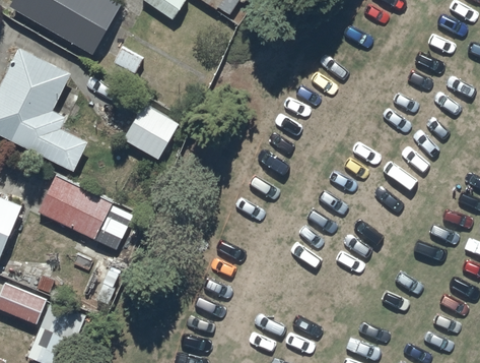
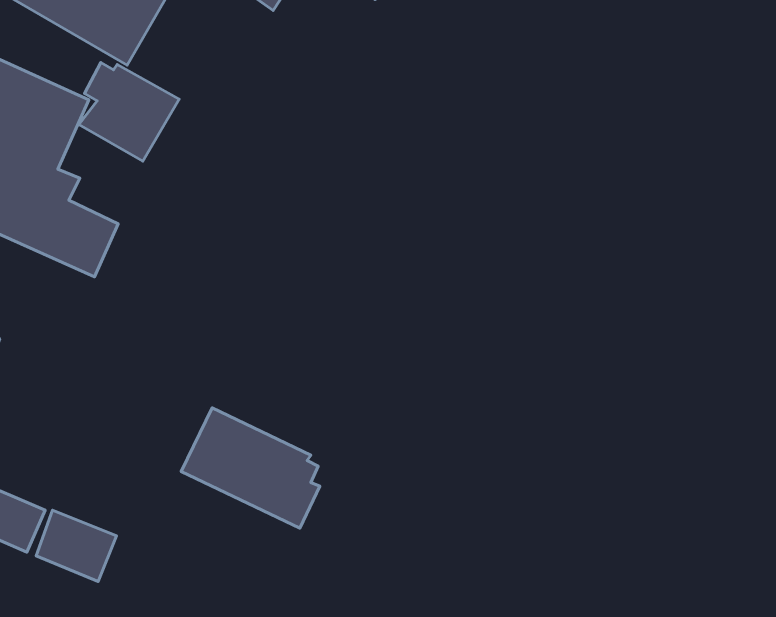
building: [122,104,178,159] -> [79,63,179,161]
building: [38,177,115,244] -> [181,408,320,528]

